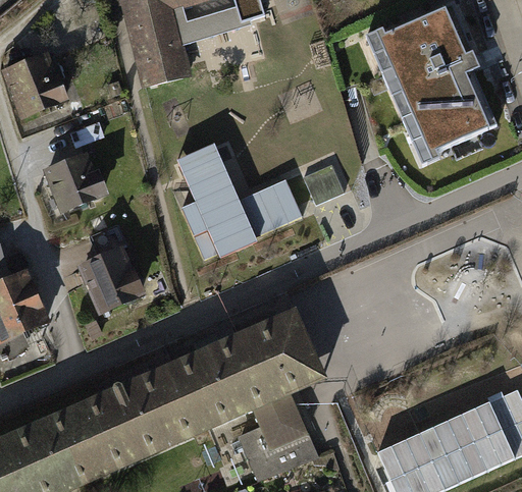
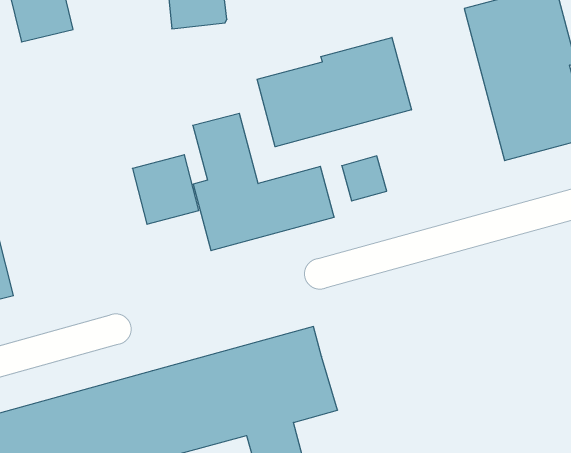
building: none -> [257,37,411,147]
building: [46,154,102,211] -> none
building: [81,249,140,310] -> [132,155,199,224]

